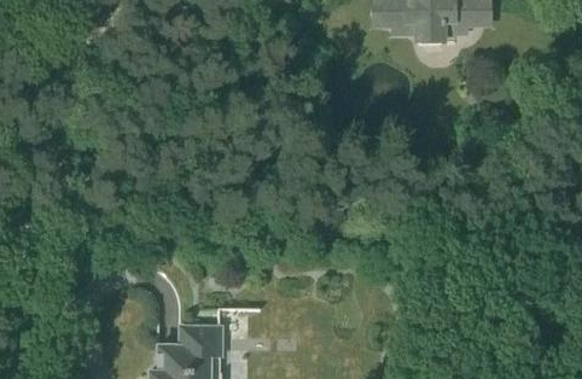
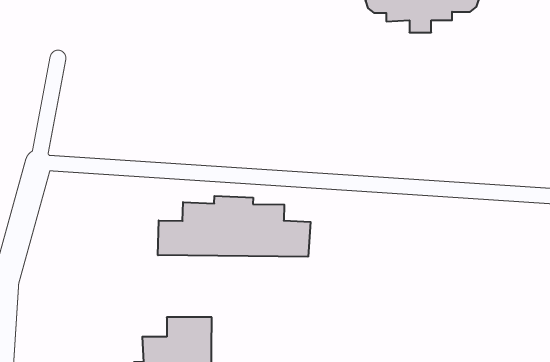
building: none -> [158,196,311,257]

